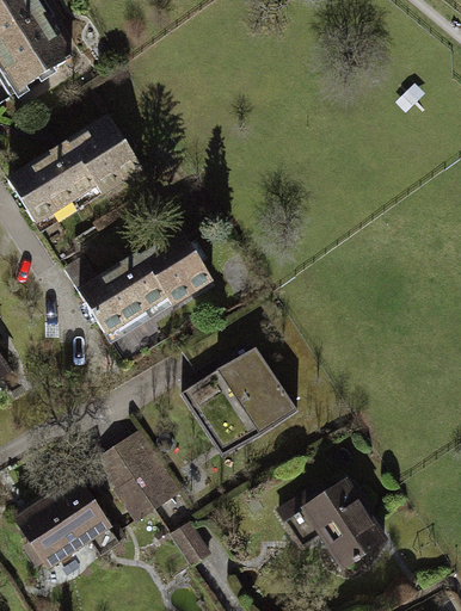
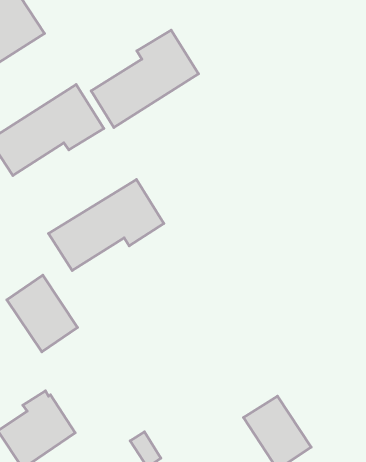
building: none -> [91,30,199,128]
building: [180,347,299,456] -> none
building: [97,431,179,520] -> [7,275,77,352]

